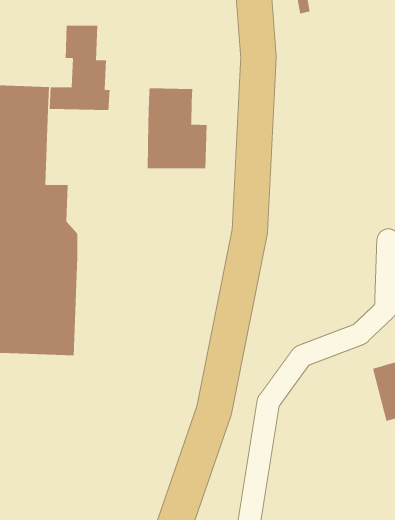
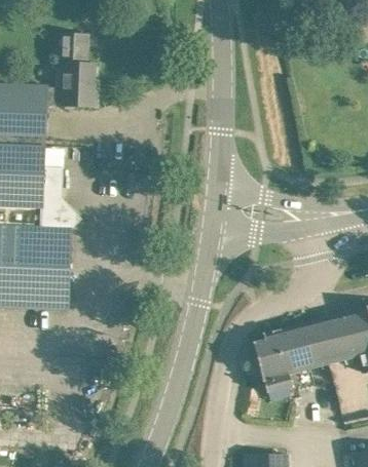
building: [147,88,207,169] -> none
building: none -> [253,320,327,392]

